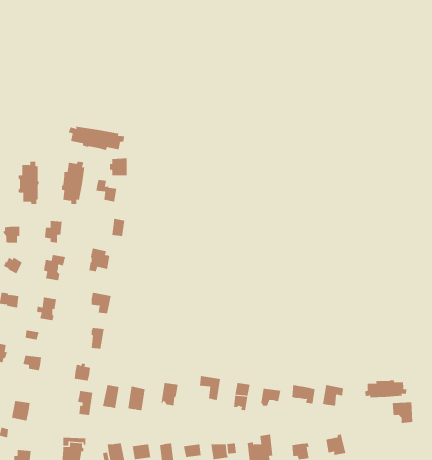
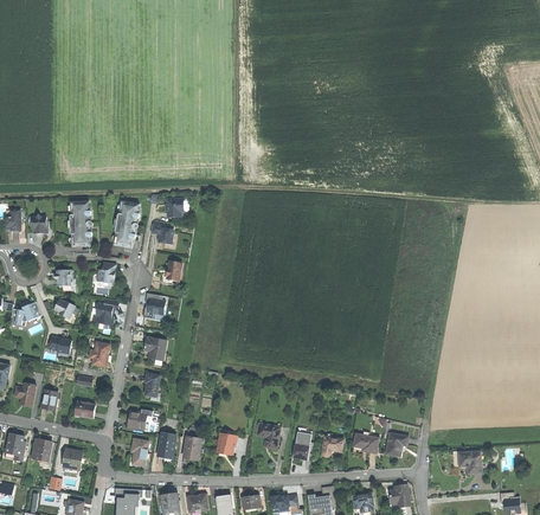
building: [68,126,125,151] -> none
building: [365,379,407,398] -> none

